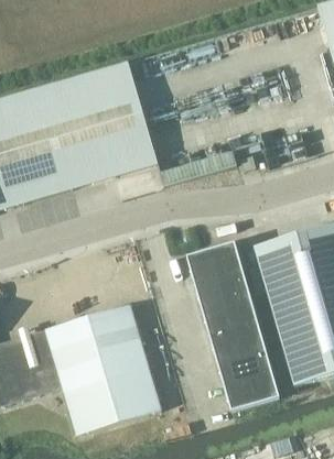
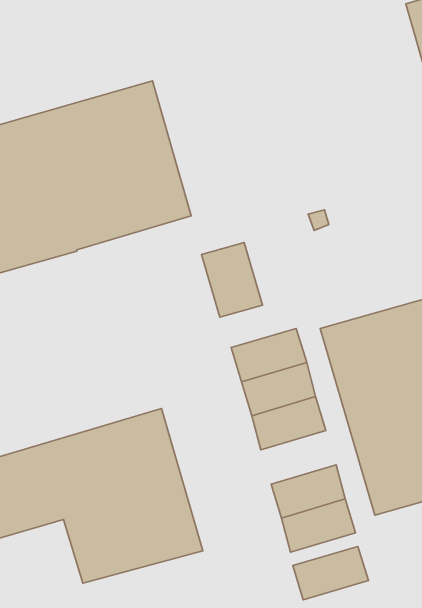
building: none -> [201,242,263,317]
building: [208,320,265,360] -> [293,546,368,600]

